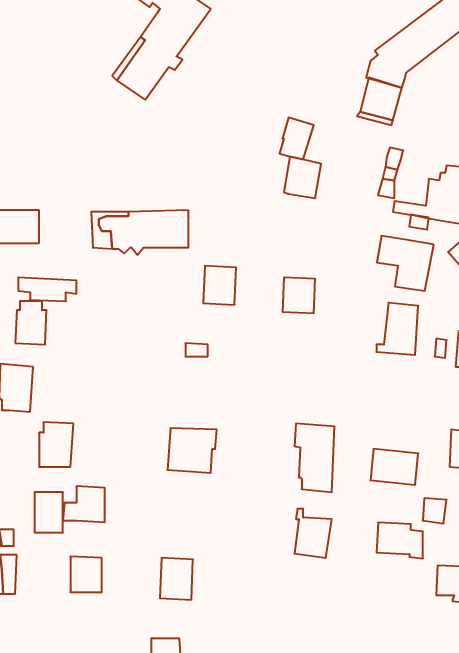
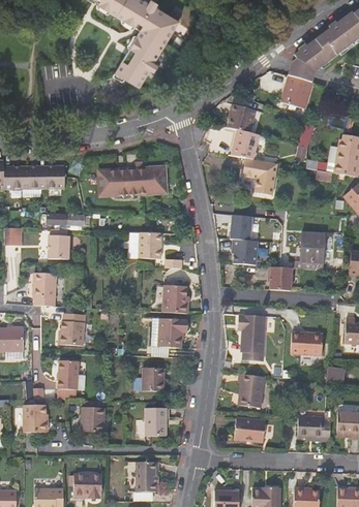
building: [377,236,434,291] -> [231,155,270,193]
building: [203,266,236,305] -> [134,232,157,259]
building: none -> [232,237,259,262]
building: none -> [269,263,292,289]
building: none -> [162,284,187,313]
building: [63,486,105,522] -> [132,367,161,391]
building: [377,523,423,558] -> [298,415,330,440]
building: none -> [234,417,265,442]

